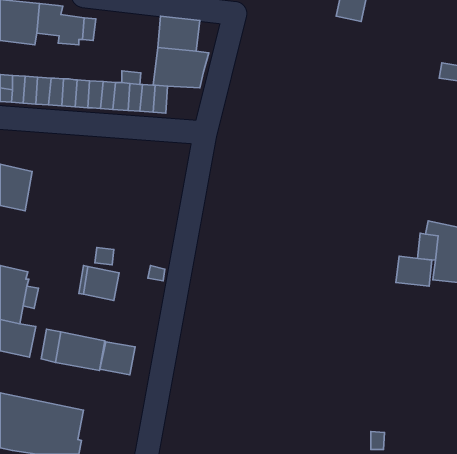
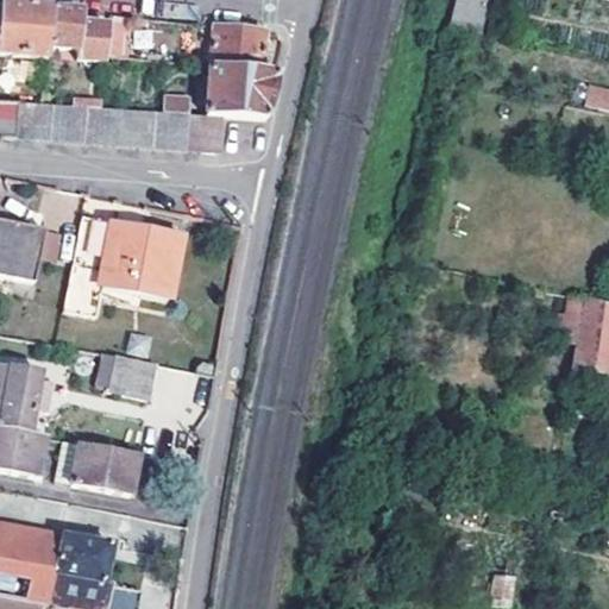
building: none -> [64,213,180,316]
building: [396,256,432,286] -> none
building: [100,342,135,375] -> none

